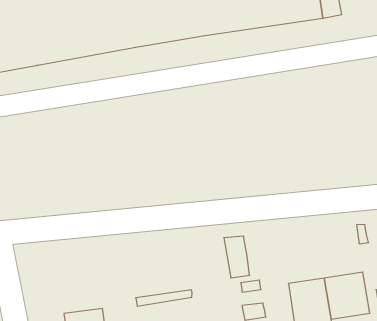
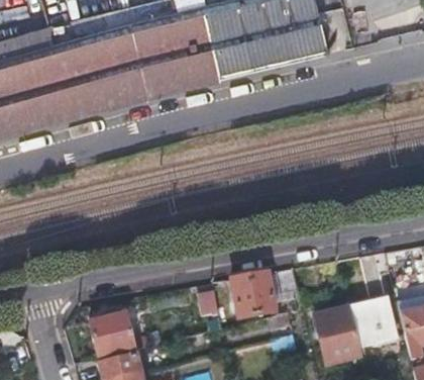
building: none -> [229,276,258,319]
building: none -> [90,314,150,355]

